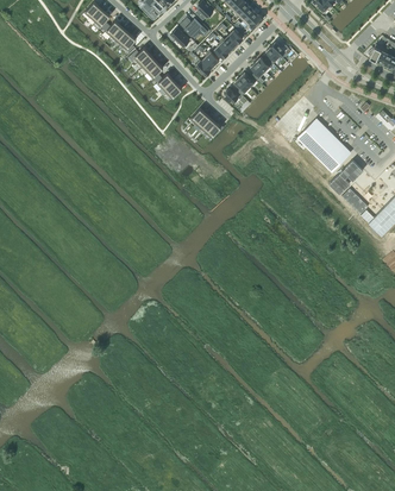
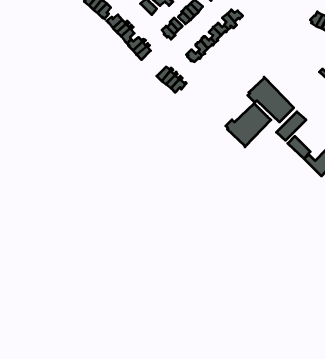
building: none -> [226,103,271,147]

